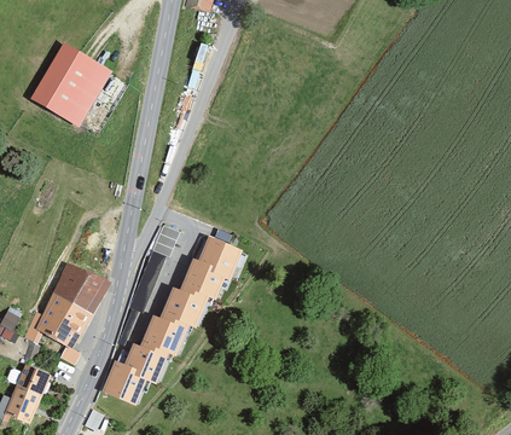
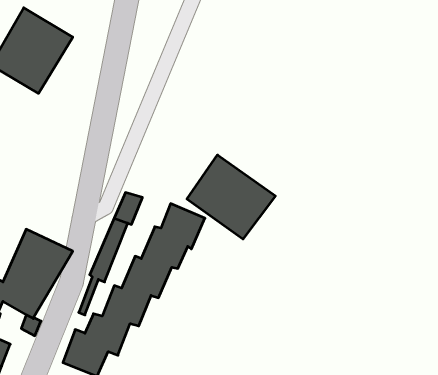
building: none -> [187,155,275,239]

